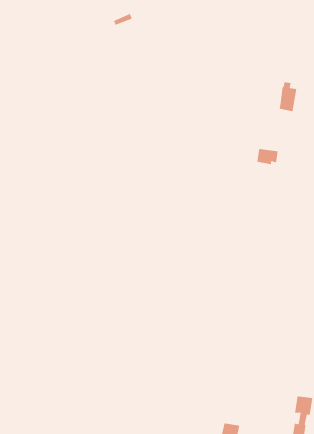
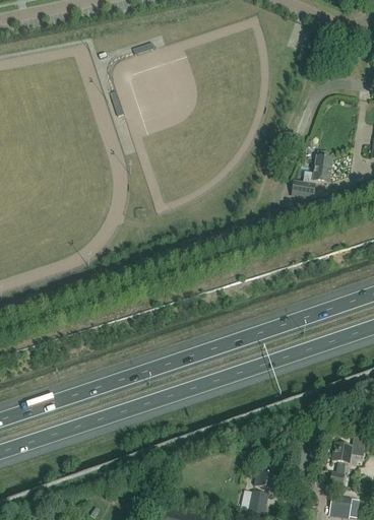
building: [279,82,297,112] -> [313,150,332,182]

